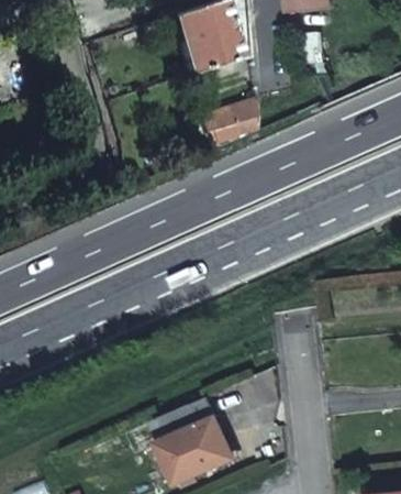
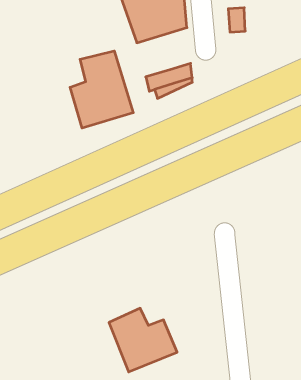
building: none -> [70,51,133,128]

